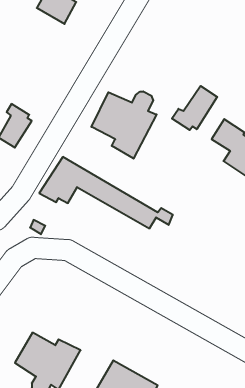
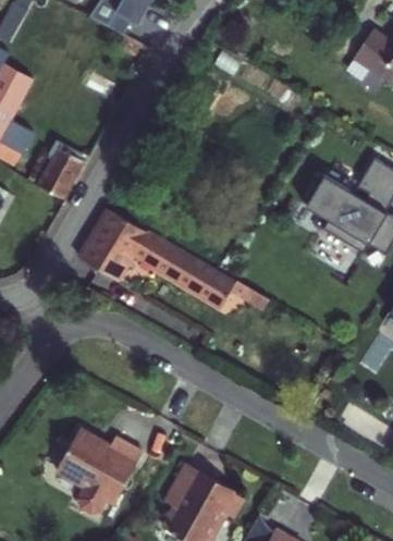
building: [172,86,217,130] -> none
building: [91,91,157,159] -> none

